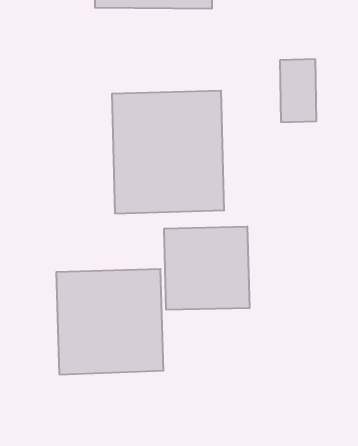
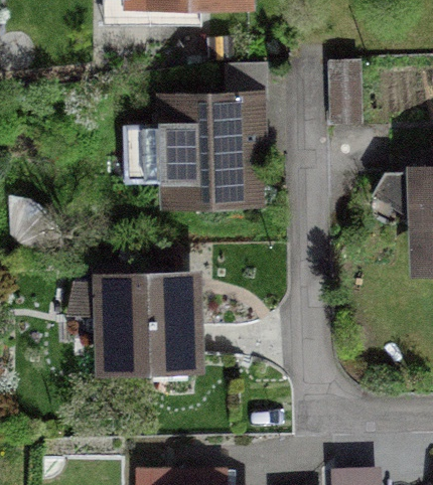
building: [164,226,249,310] -> none

